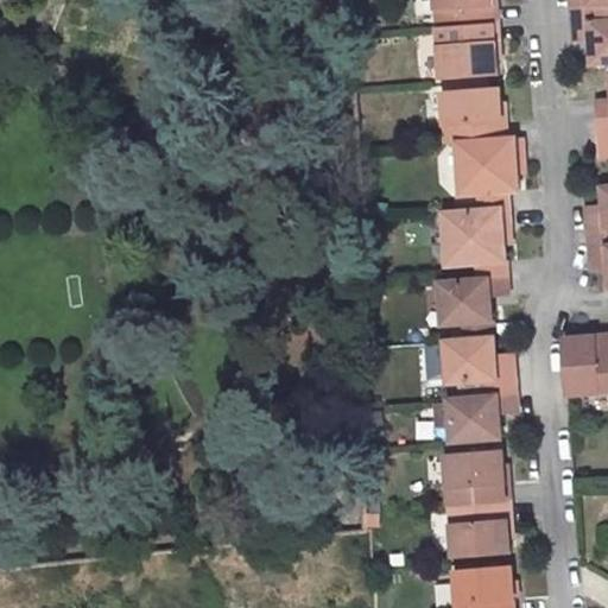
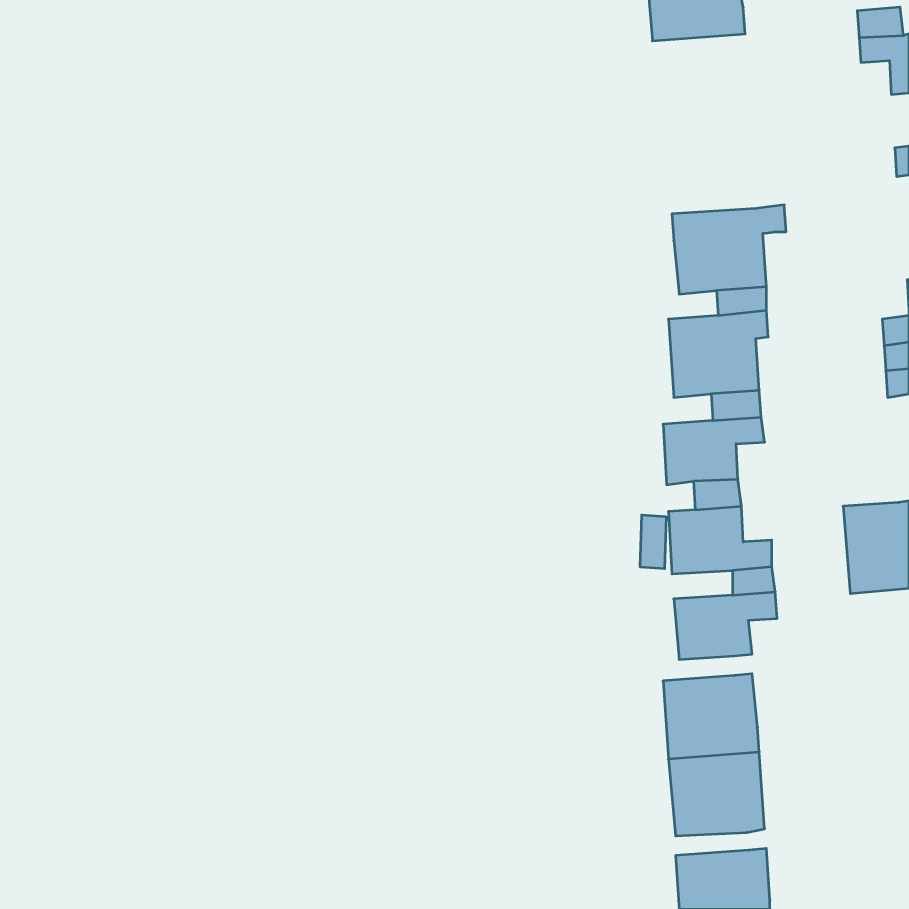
building: [435,23,500,80] -> none
building: [439,87,504,144] -> none

